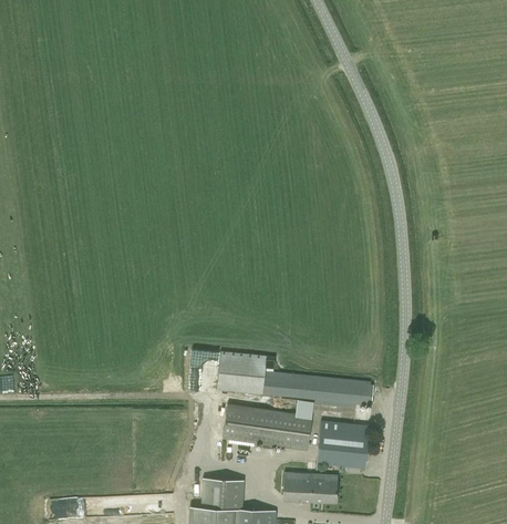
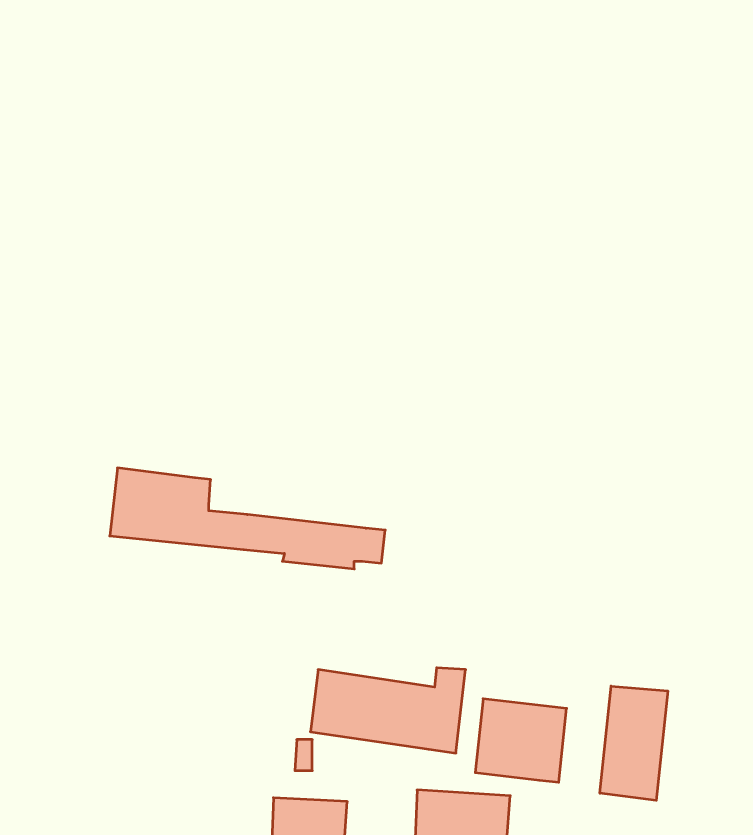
building: [217,350,374,408] -> [110,468,385,569]
building: none -> [600,686,668,800]

